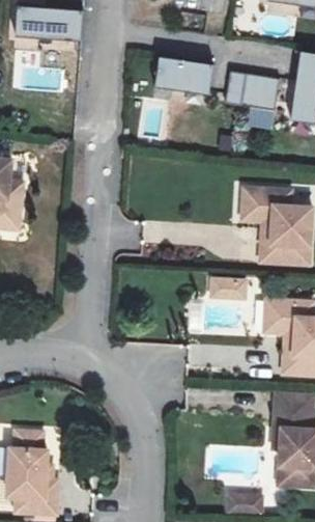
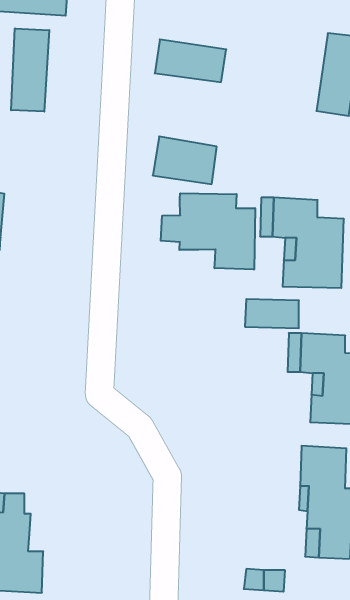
building: none -> [11,28,49,112]
building: [216,72,268,111] -> [153,136,217,184]
building: none -> [161,193,255,270]

